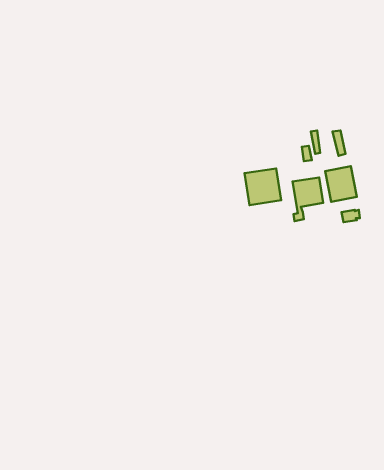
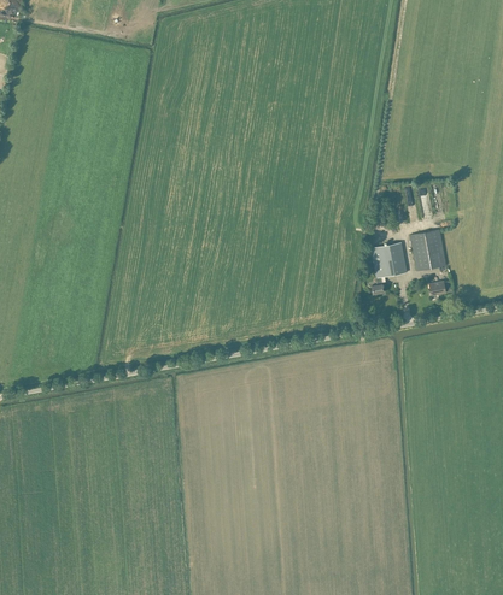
building: [245,168,281,205] -> none

